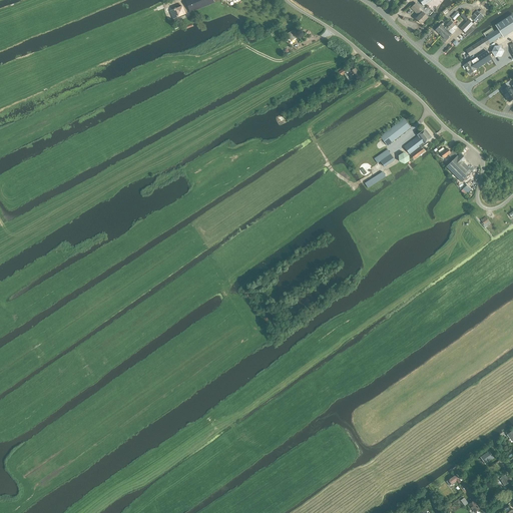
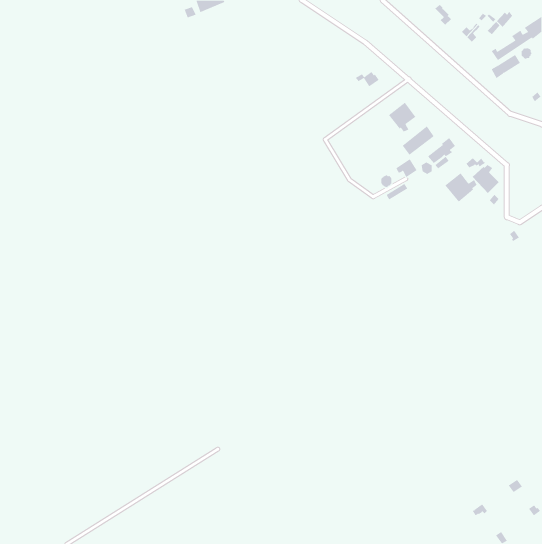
building: none -> [388,102,416,133]
building: none -> [445,172,477,203]

